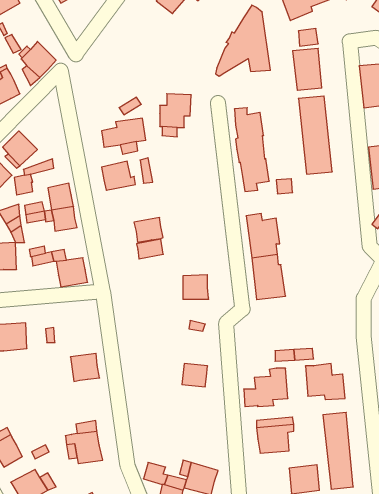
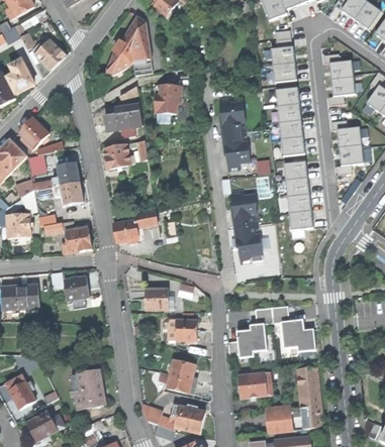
building: [216,5,270,76] -> [105,17,153,79]
building: none -> [283,162,312,231]
building: [134,218,163,242] -> [113,220,138,241]
building: [183,275,209,299] -> [147,288,169,309]
building: [70,353,100,381] -> [65,274,90,299]
building: none -> [173,360,200,393]

